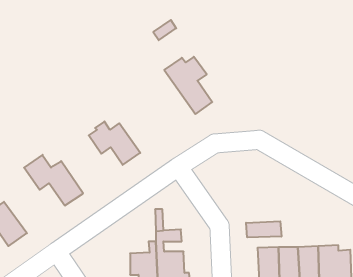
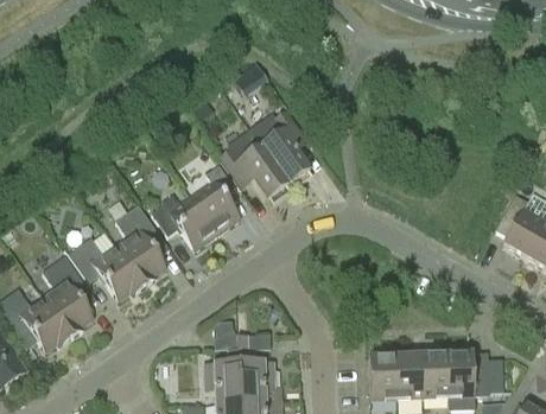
building: none -> [221,128,290,200]
building: none -> [191,165,241,235]
building: none -> [116,204,169,287]
building: none -> [43,255,95,338]
building: [246,221,281,237] -> none

